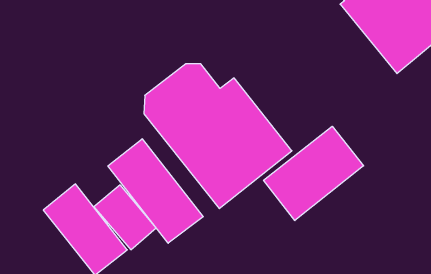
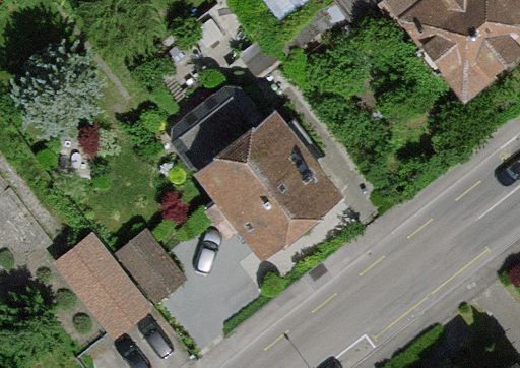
building: [264,126,364,221] -> none
building: [108,139,203,243] -> none

